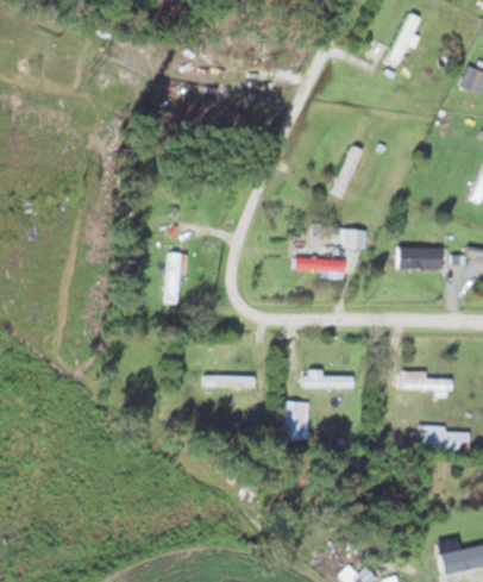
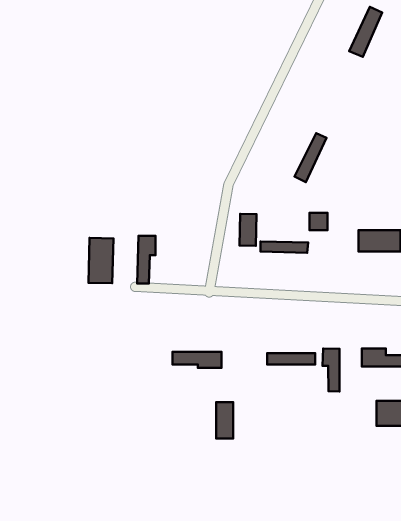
building: none -> [239,214,257,246]
building: none -> [89,238,113,283]
building: none -> [323,348,340,391]
building: [284,400,302,438] -> [216,402,233,438]

